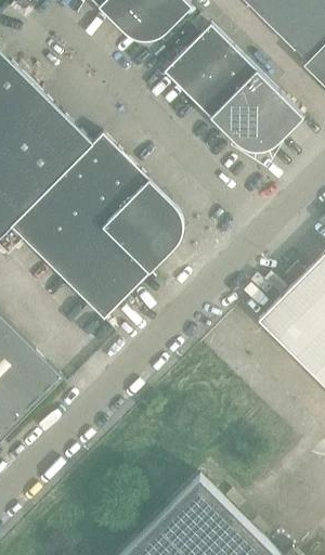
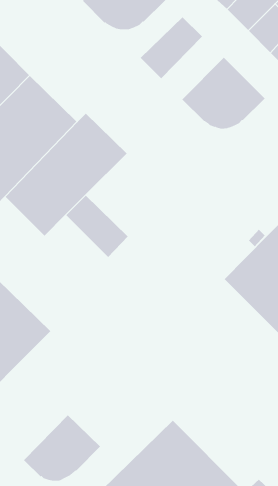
building: [187,48,258,118] -> none
building: [103,179,183,272] -> none
building: [56,248,128,320] -> none
building: none -> [23,414,101,481]

